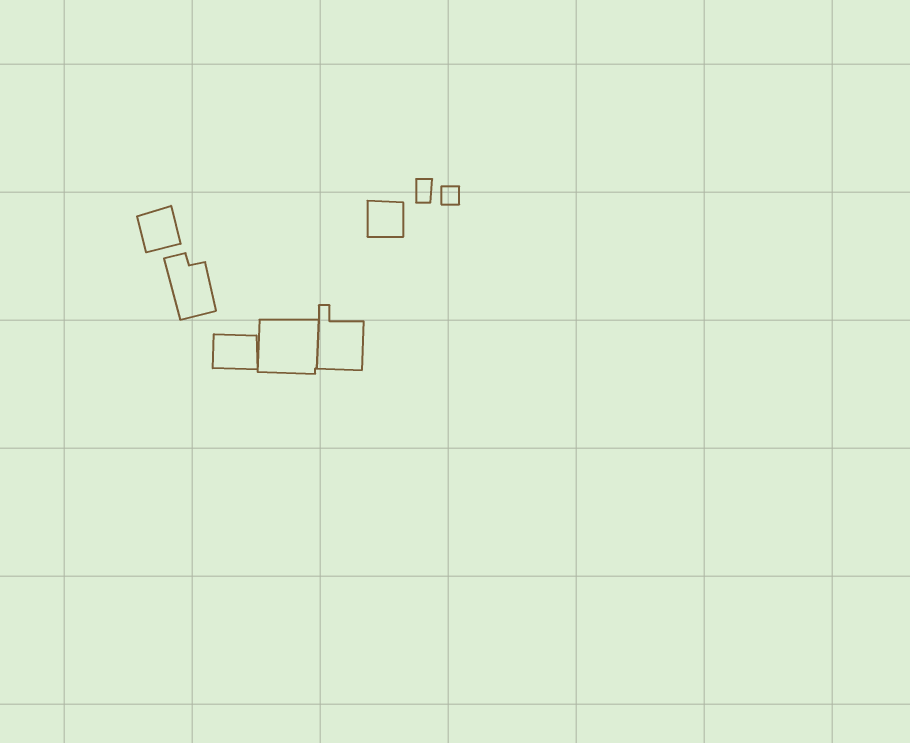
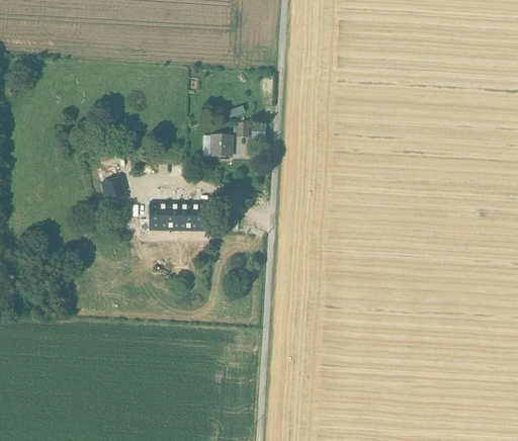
building: [137,206,181,252] -> none
building: [213,334,258,370] -> none

